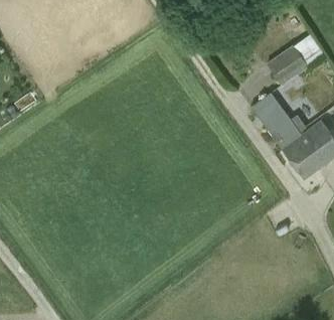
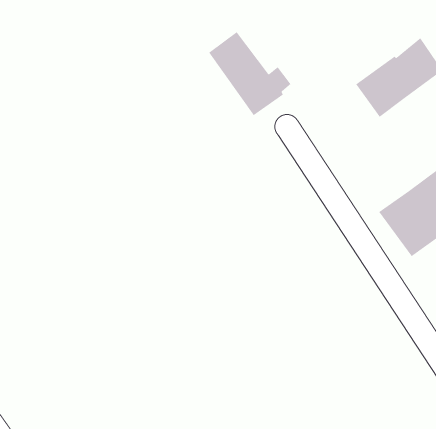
building: [251,92,306,148] -> [208,31,291,116]

